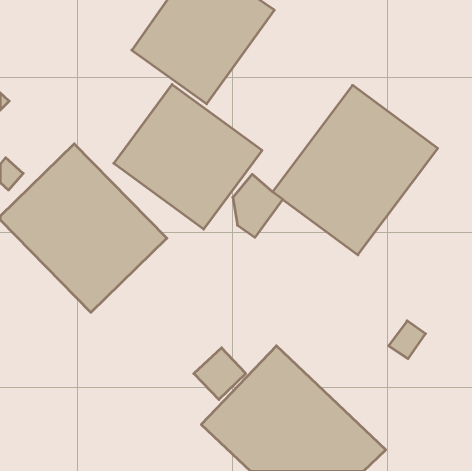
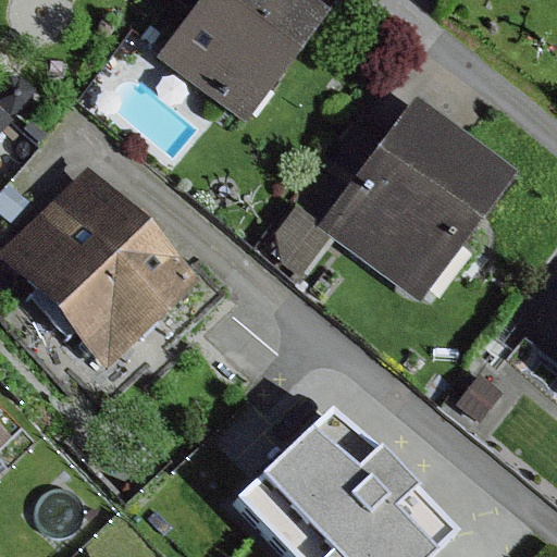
building: [114,84,262,229] -> none

